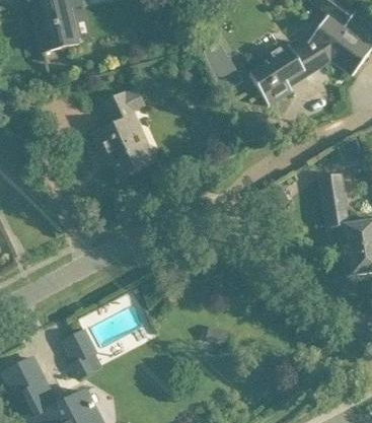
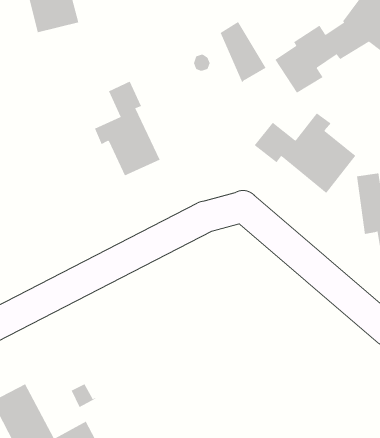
building: none -> [254,112,356,194]

